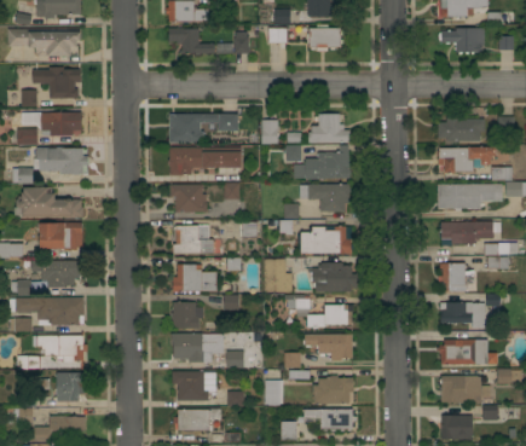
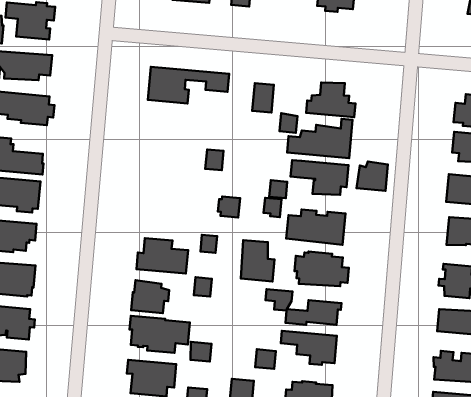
building: [168,149,242,175] -> none
building: none -> [356,161,388,191]
building: [170,185,208,213] -> none
building: [173,226,214,255] -> none

